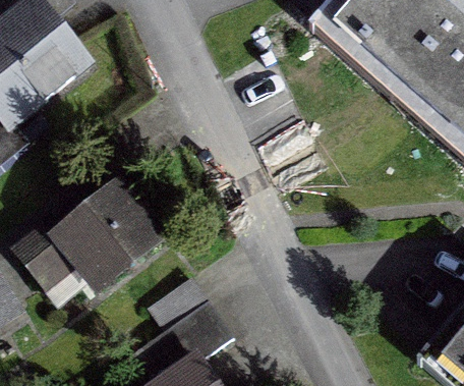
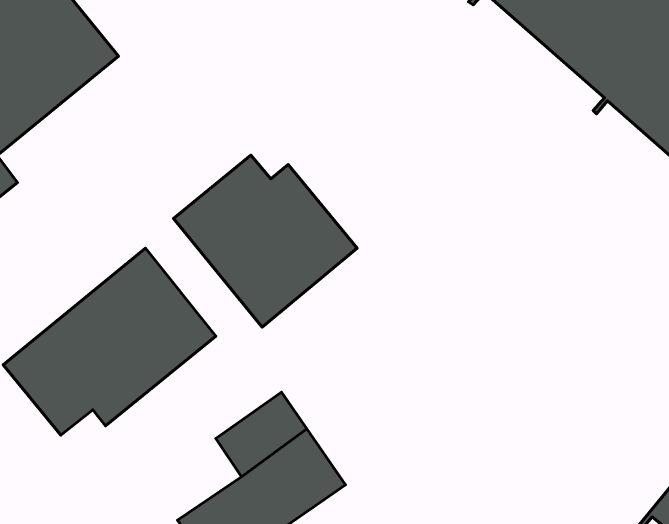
building: none -> [173,155,357,327]

